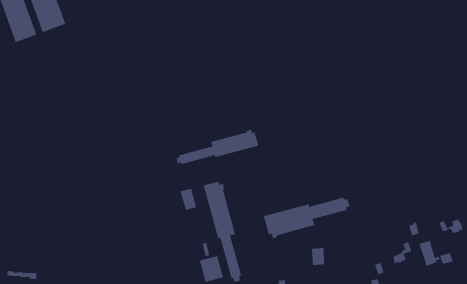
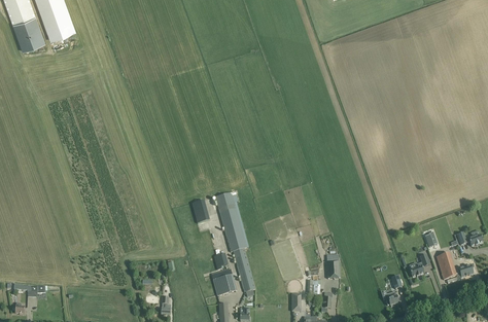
building: [176,129,259,165] -> none
building: [263,197,350,239] -> none

